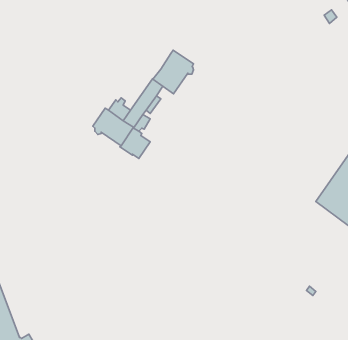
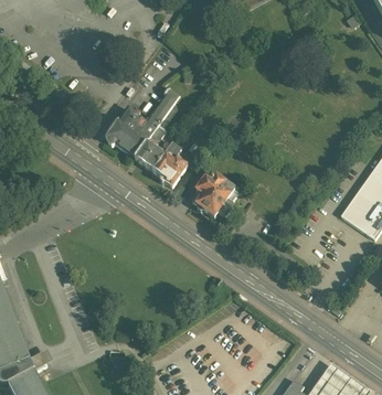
building: [153,50,194,94] -> none
building: none -> [153,143,188,186]
building: none -> [192,175,238,217]

